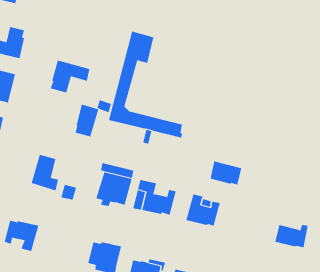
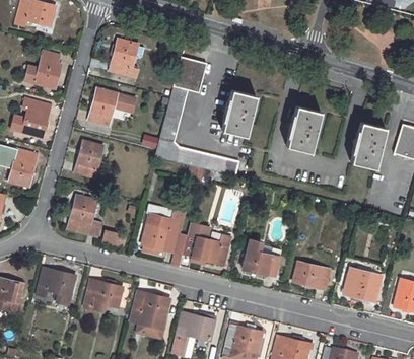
building: none -> [112,39,138,77]
building: none -> [222,90,256,136]
building: none -> [286,105,322,152]
building: none -> [351,121,387,167]
building: [75,104,99,137] -> [76,140,104,177]
building: [210,161,242,185] -> [293,261,330,288]
building: none -> [84,280,124,310]

